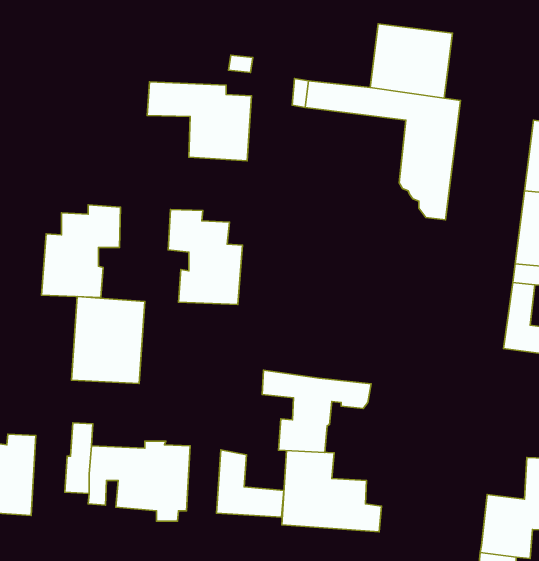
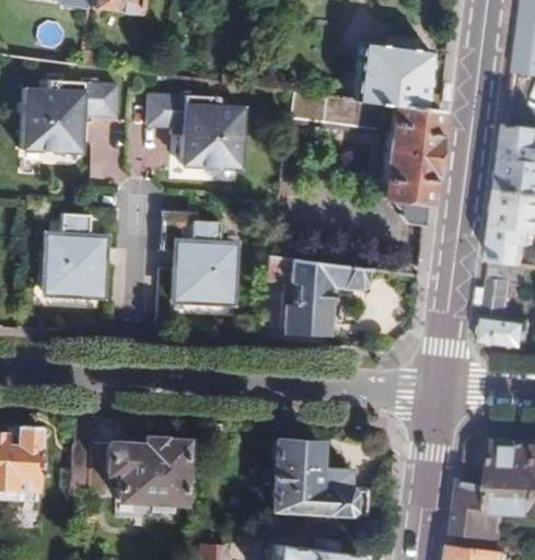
building: none -> [14,81,117,151]
building: [71,297,145,383] -> none
building: [262,370,371,452] -> [268,255,371,332]
building: [216,450,284,517] -> none

